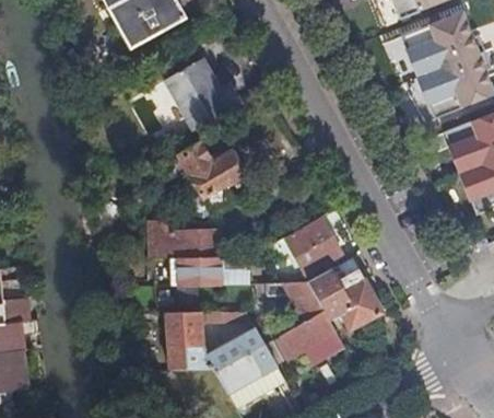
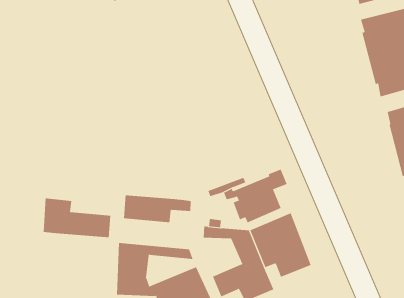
building: [163,57,240,131] -> none
building: [180,147,251,212] -> none
building: [150,221,226,259] -> [43,198,111,238]

